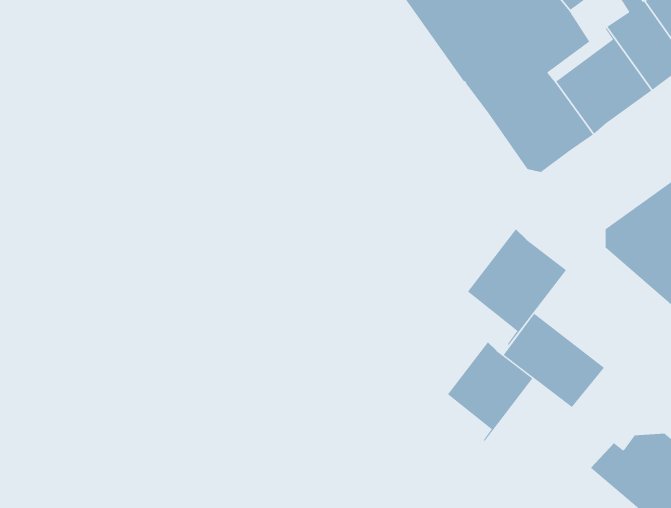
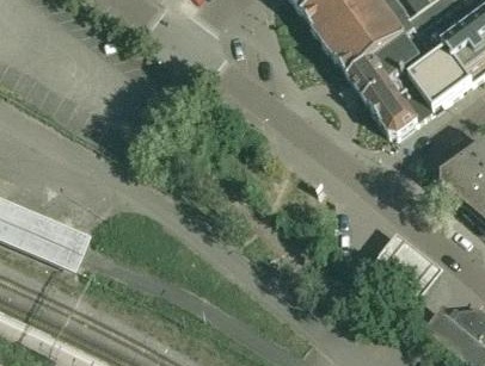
building: [467,229,567,346] -> none
building: [447,342,533,442] -> none

